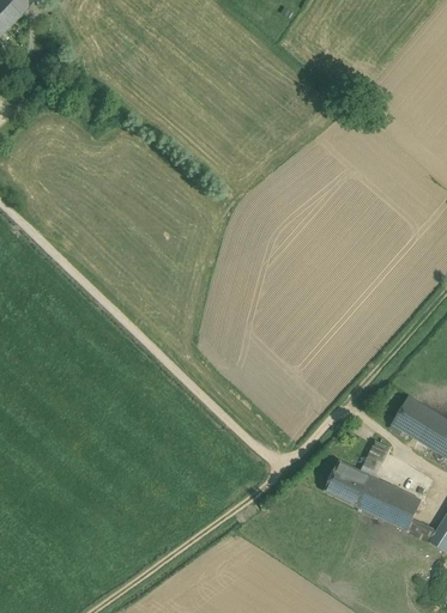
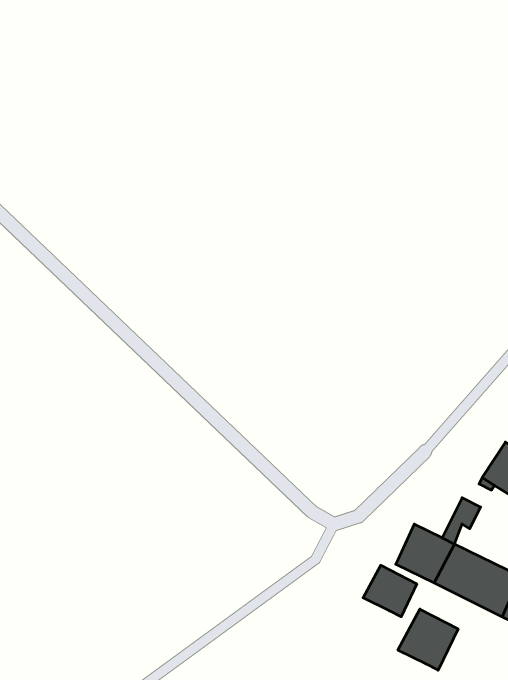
building: none -> [363,565,417,617]
building: none -> [398,609,458,670]

